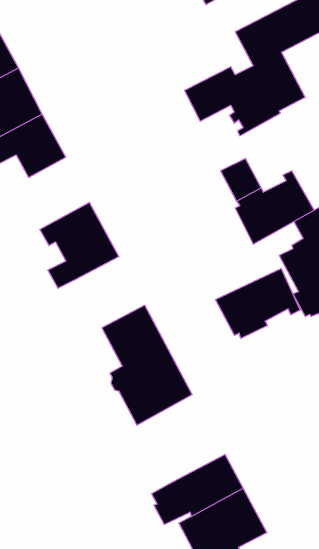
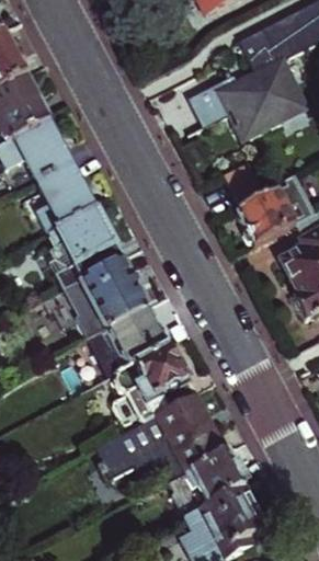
building: none -> [36,161,95,231]
building: none -> [77,257,149,336]
building: [216,268,300,338] -> none
building: none -> [93,391,227,477]

